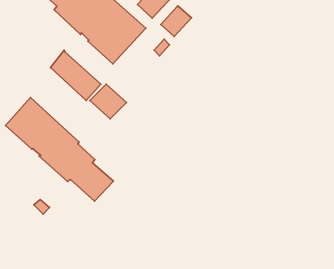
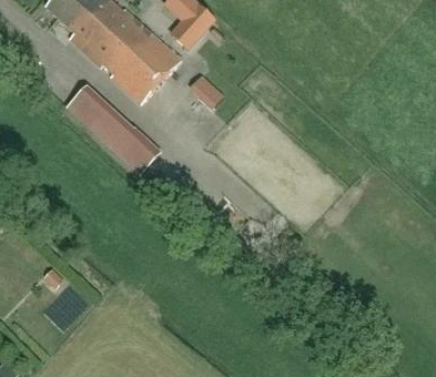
building: [161,6,191,36] -> none
building: [5,98,113,201] -> none

